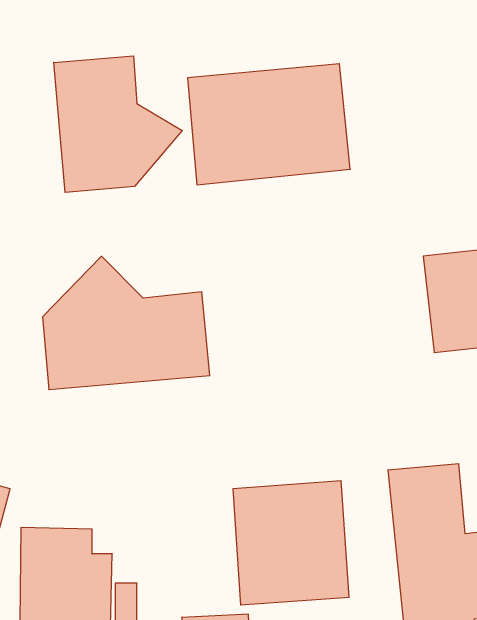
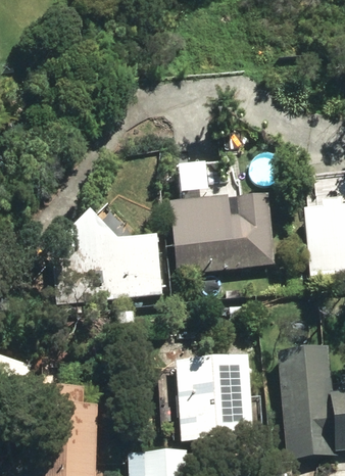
building: [54,56,182,192] -> none
building: [188,64,350,185] -> [169,192,277,272]

